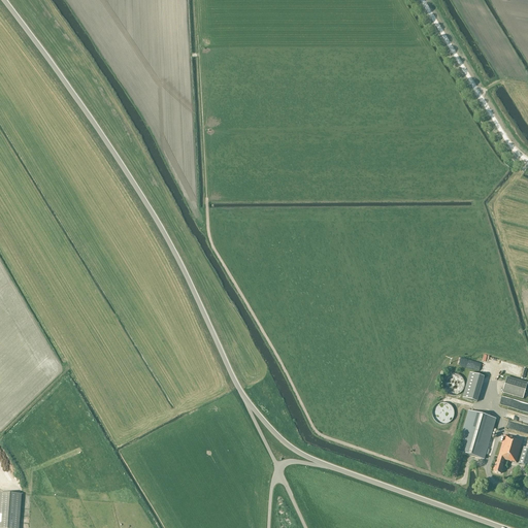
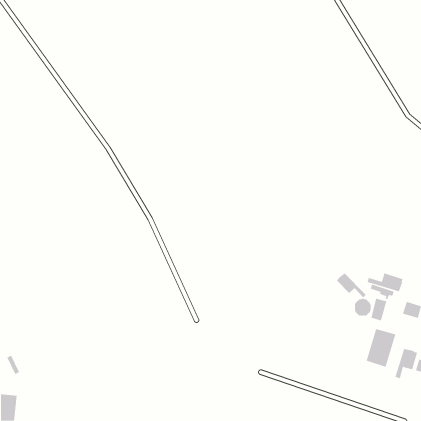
building: none -> [336,273,367,298]
building: none -> [367,273,403,292]

